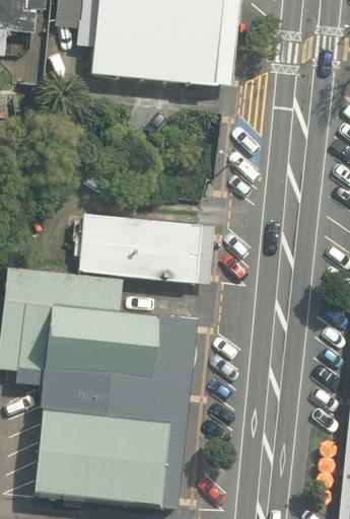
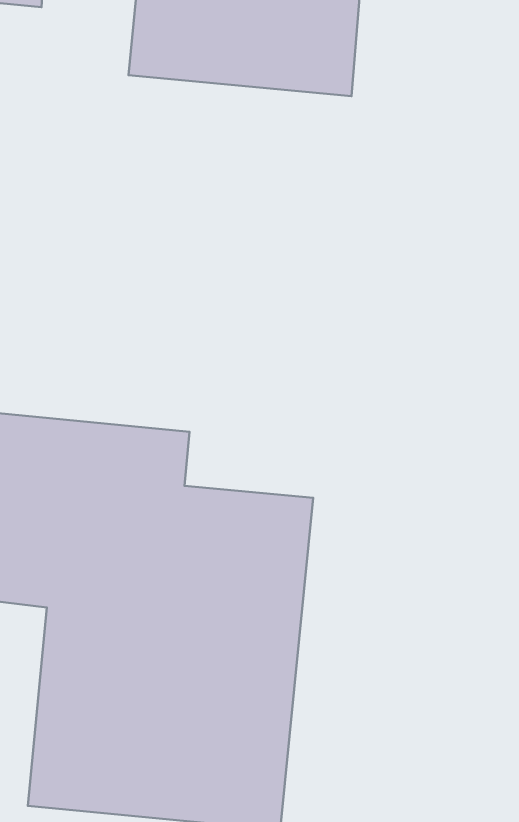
building: [78,212,216,282] -> none

